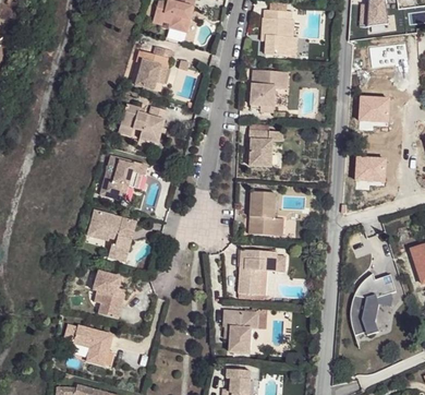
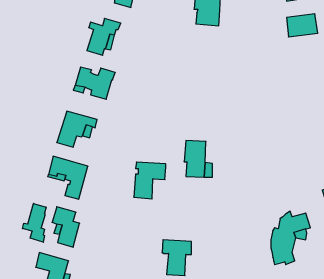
building: [248,70,287,112] -> none
building: [360,94,391,121] -> none
building: [247,130,281,167] -> none
building: [356,156,388,180] -> none
building: [238,250,276,294] -> [134,162,166,199]
building: none -> [23,203,46,242]

